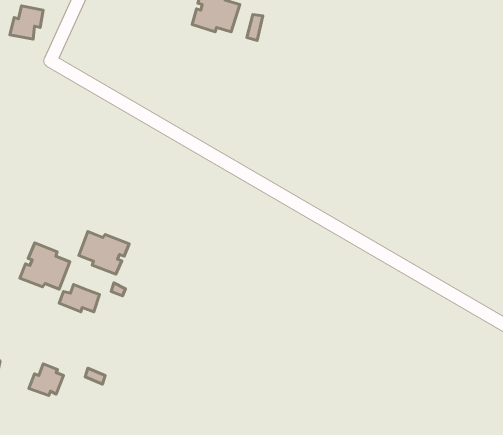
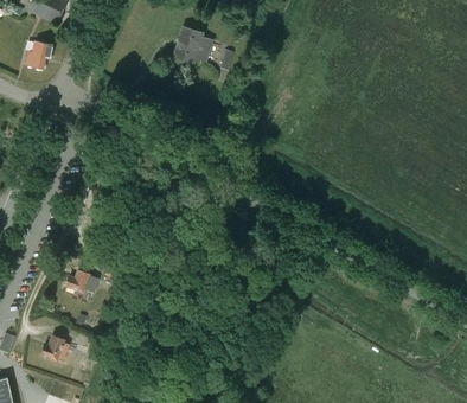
building: [79,231,129,274] -> none
building: [20,243,70,289] -> none

